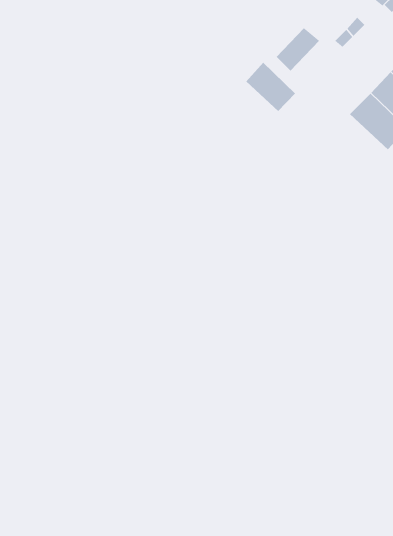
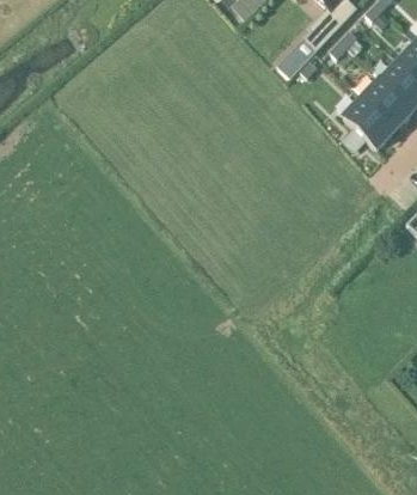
building: [245,62,296,112] -> none

